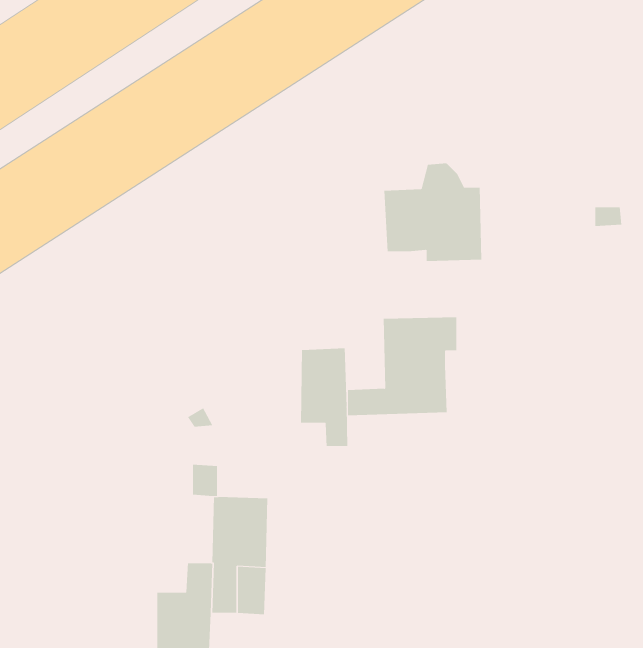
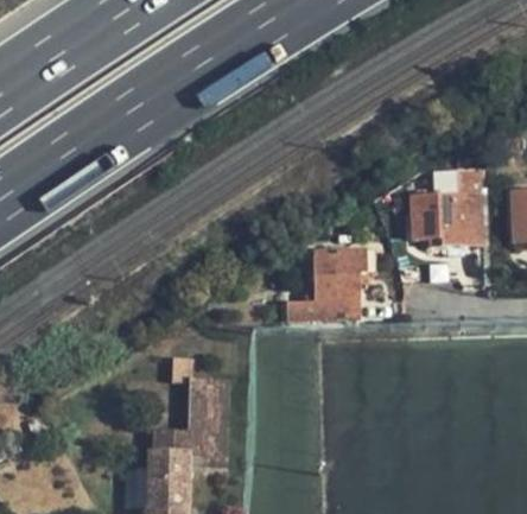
building: [384,163,482,262] -> [409,172,482,245]
building: [300,347,348,447] -> none

